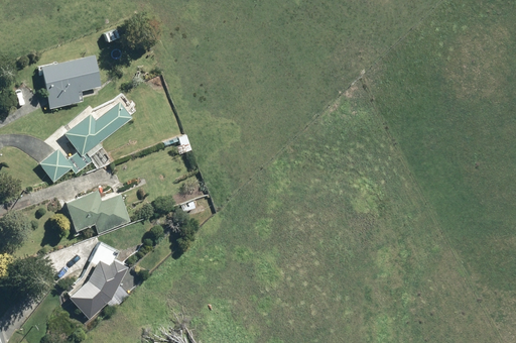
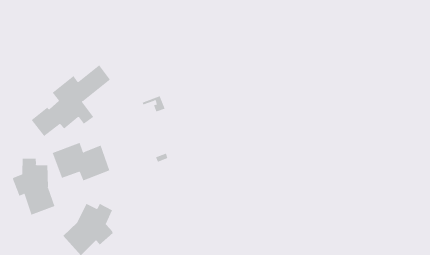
building: [39,54,100,110] -> none
building: none -> [12,158,55,216]

